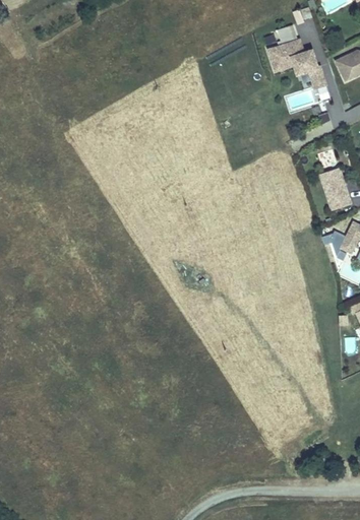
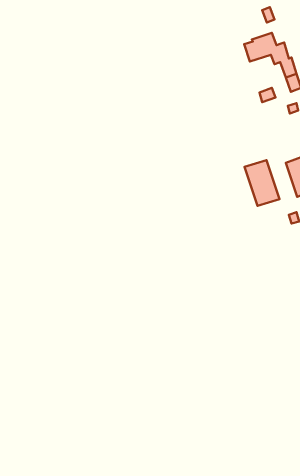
building: none -> [244,160,280,206]

